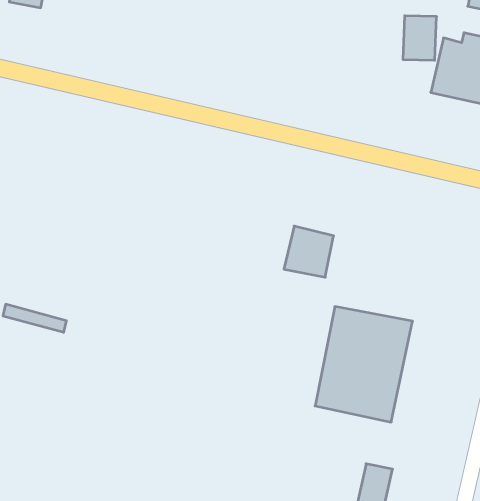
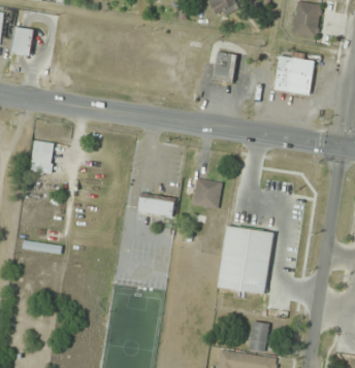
building: [403,16,437,60] -> [215,52,235,79]
building: none -> [30,142,55,174]
building: none -> [137,197,174,215]

